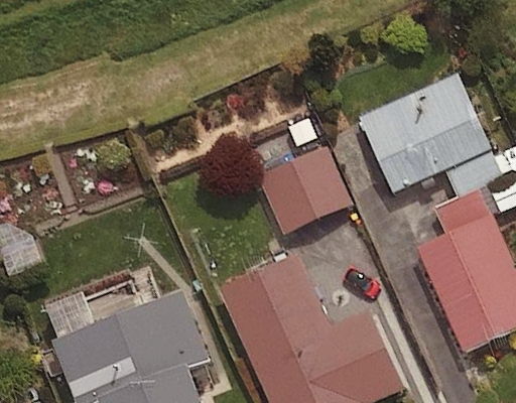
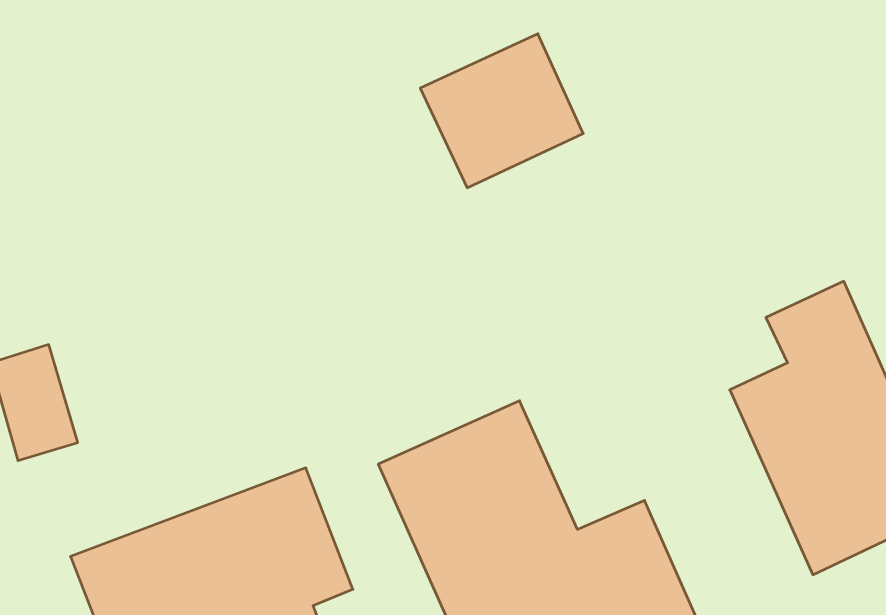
building: [360,73,492,191] -> none
building: [268,150,359,236] -> [420,34,583,188]

